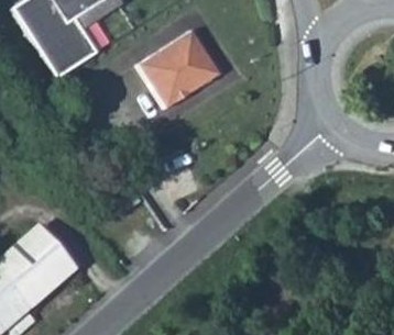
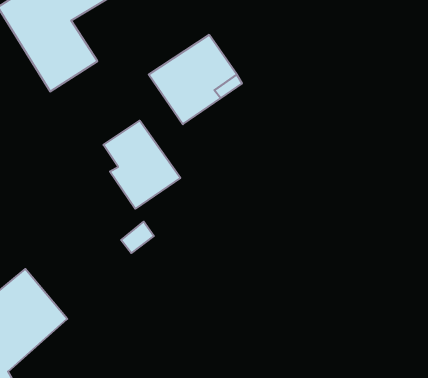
building: none -> [103,121,180,209]

